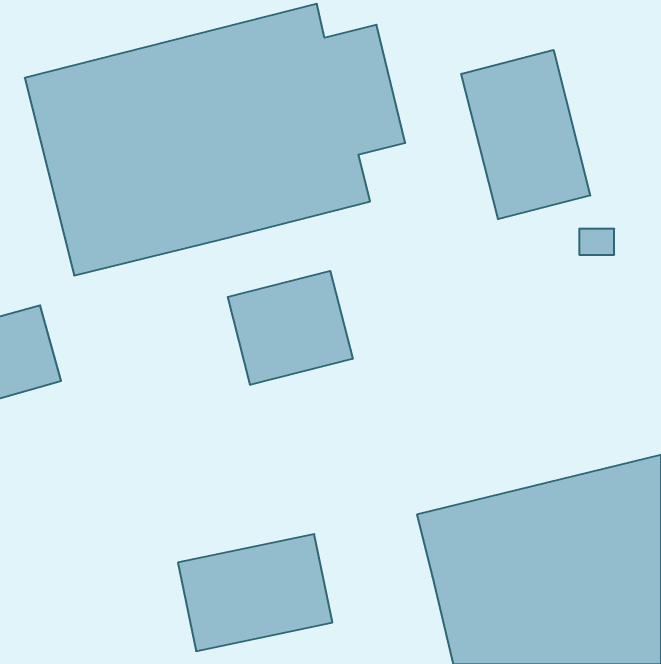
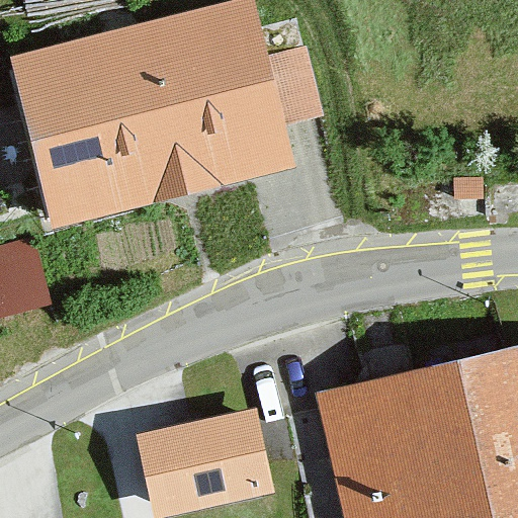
building: [461,50,590,219] -> none
building: [228,271,353,385] -> none

